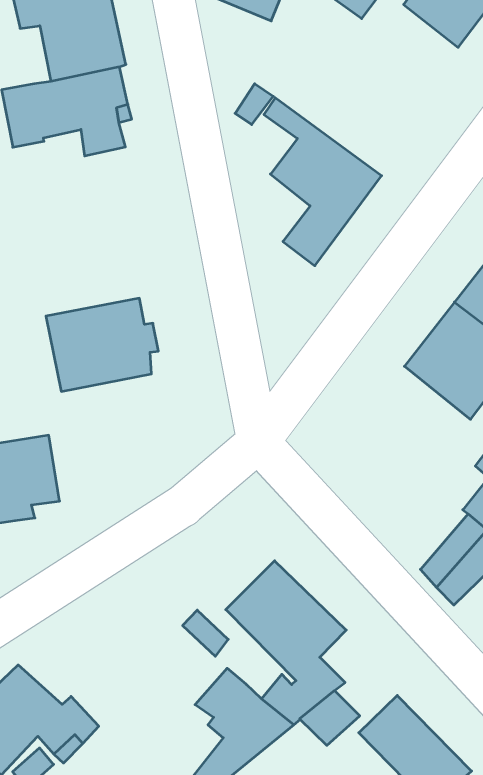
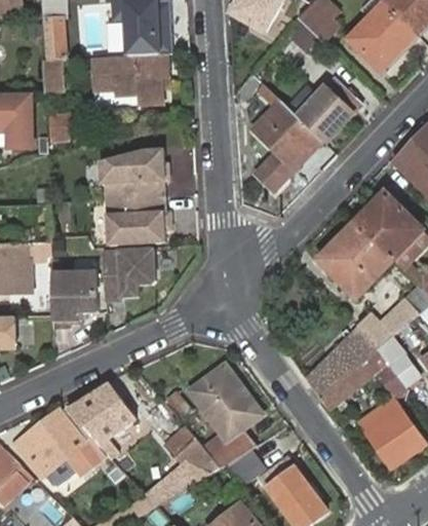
building: none -> [301,78,358,136]
building: none -> [99,148,165,197]
building: none -> [101,249,154,300]
building: none -> [64,382,133,454]

